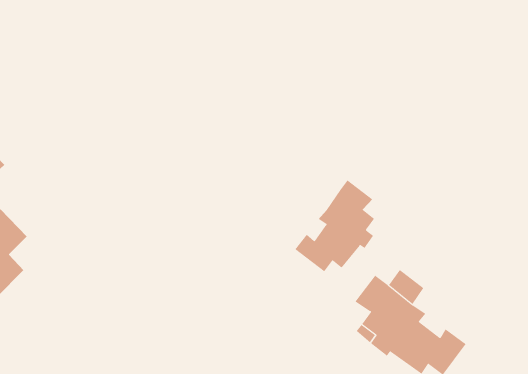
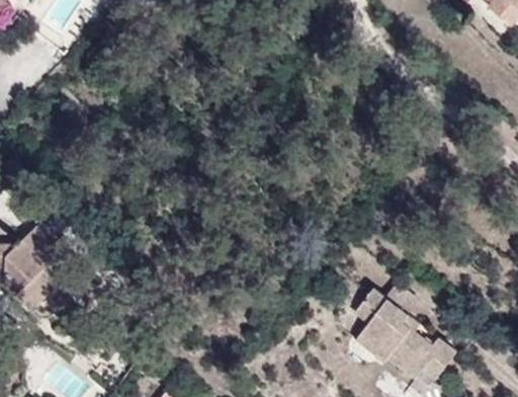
building: [294,180,375,272] -> none

